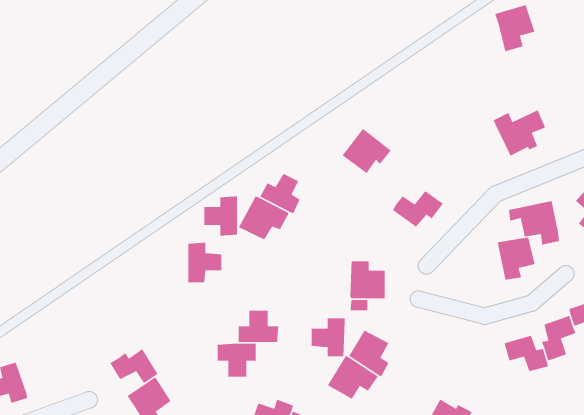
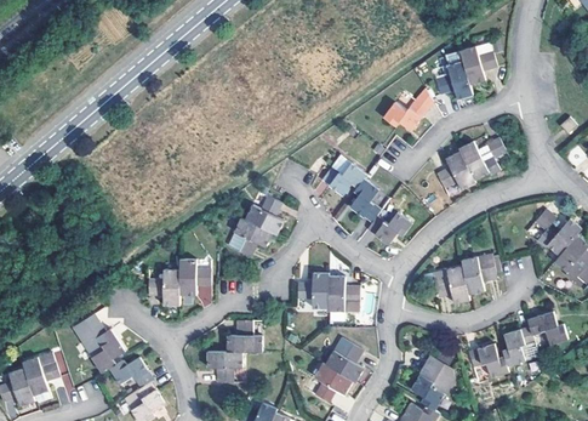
building: none -> [434,61,473,101]
building: none -> [381,87,433,131]
building: none -> [436,150,475,190]
building: none -> [349,177,382,223]
building: [203,195,238,237] -> [148,268,179,306]
building: [508,200,560,245] -> [423,264,470,306]
building: none -> [72,312,125,374]
building: [311,317,345,357] -> [297,272,329,308]
building: none -> [21,352,59,400]
building: none -> [411,354,455,411]

